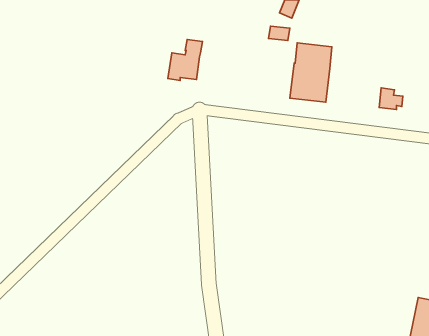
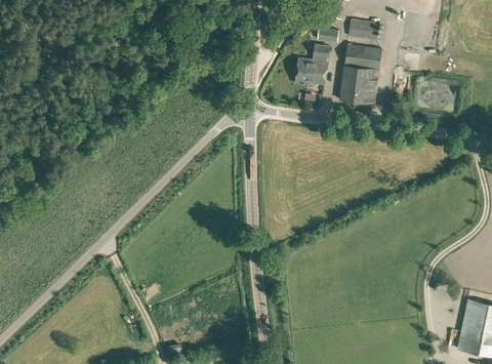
building: none -> [348,16,380,40]
building: [168,39,203,80] -> [295,44,330,85]

